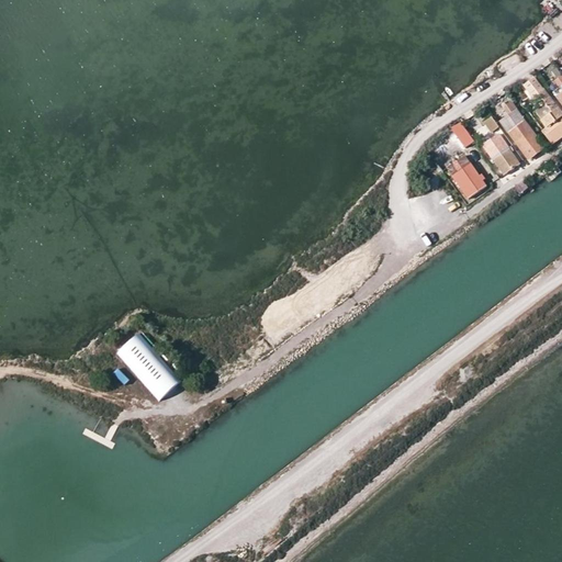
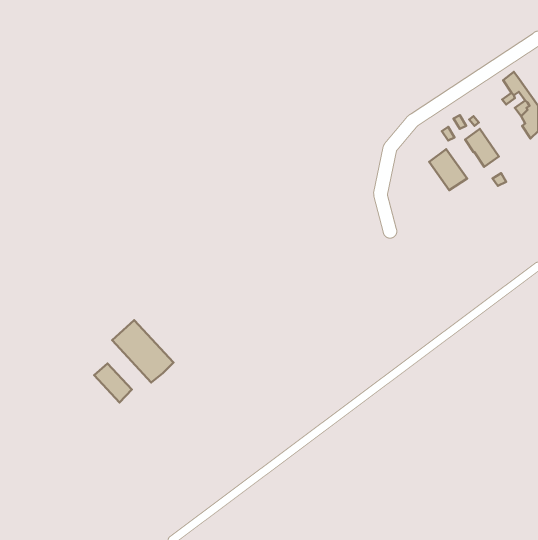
building: [499,100,542,158] -> none
building: none -> [94,363,132,402]

